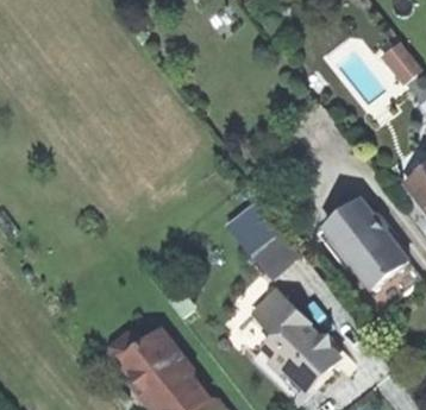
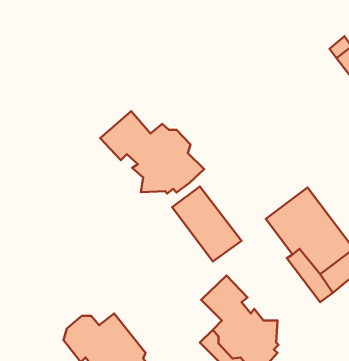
building: none -> [100,111,204,194]

